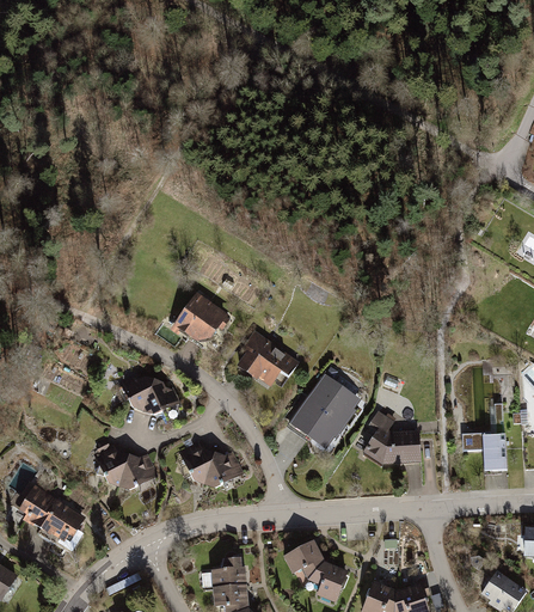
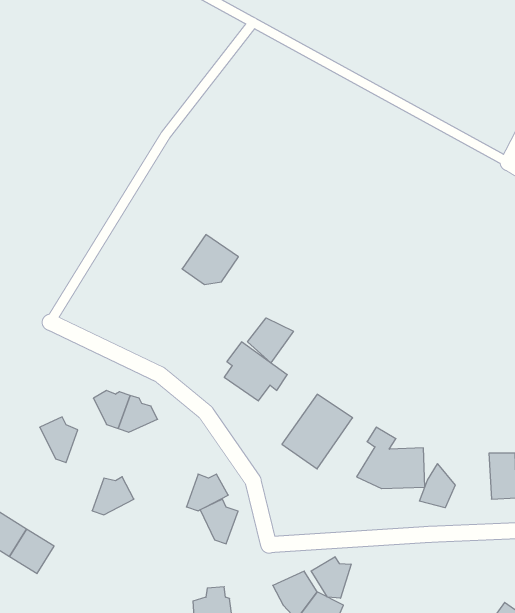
building: [176,295,227,341] -> [182,235,238,284]
building: none -> [248,318,293,363]
building: [182,442,216,483] -> [200,499,238,544]
building: none -> [419,464,455,508]
building: [96,445,130,486] -> [40,417,78,463]
building: none -> [311,557,351,598]

